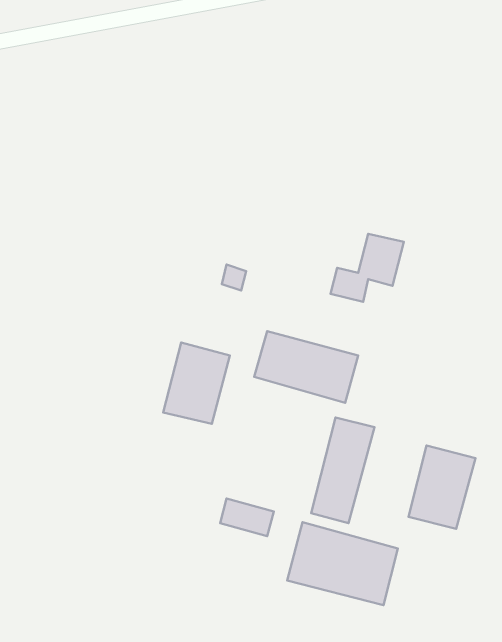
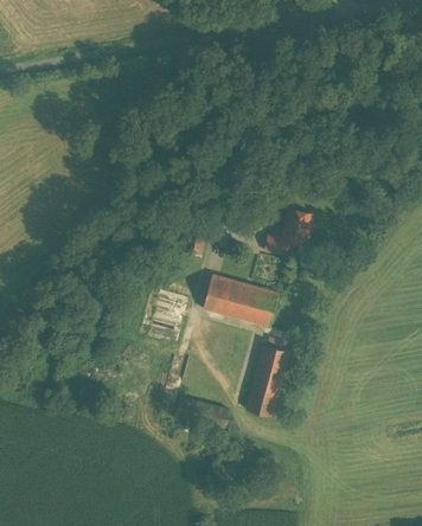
building: [408,445,476,529] -> none
building: [287,522,398,605] -> none

